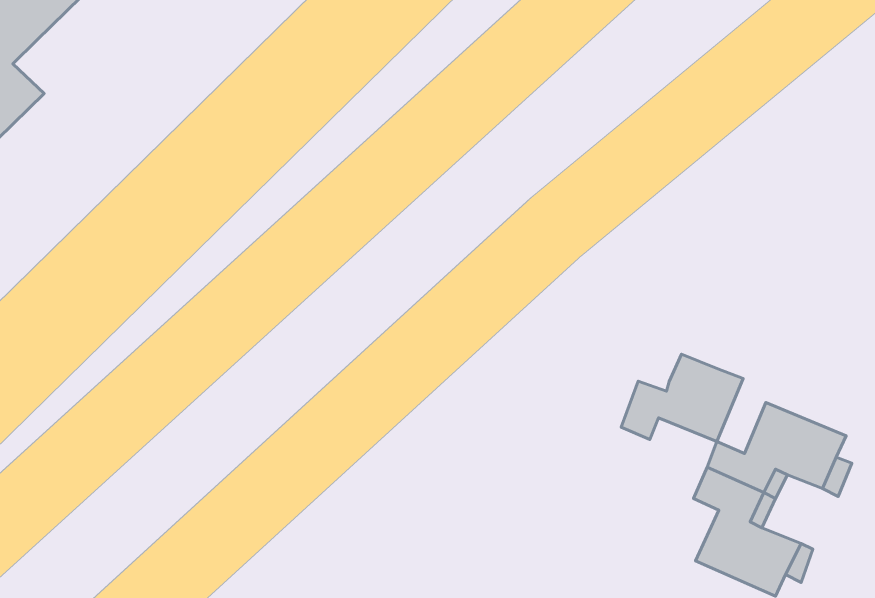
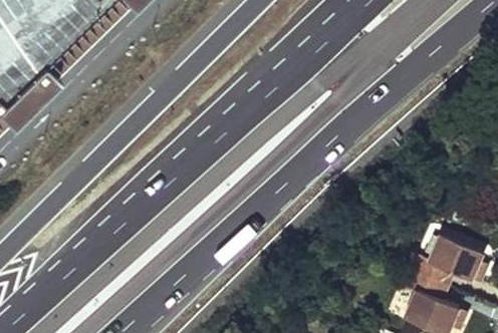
building: [621,354,743,442] -> none

